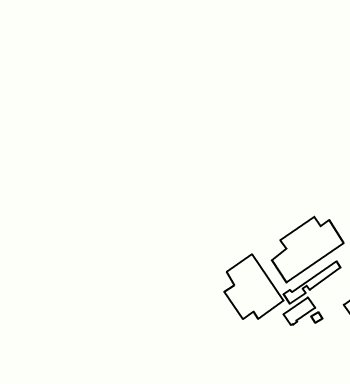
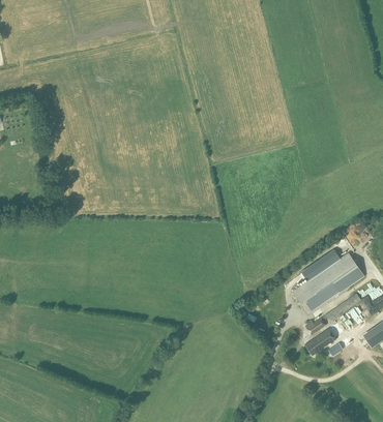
building: [224,254,284,319] -> none

